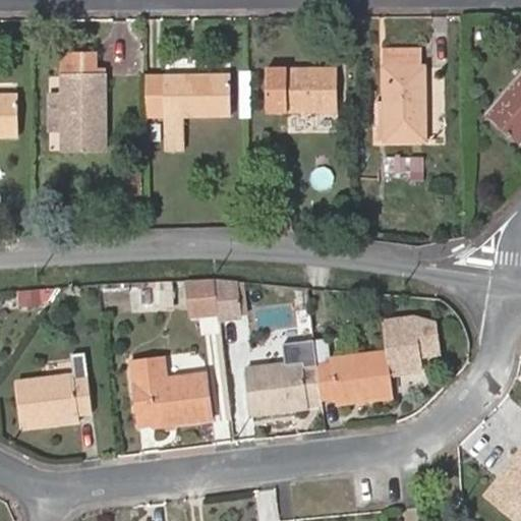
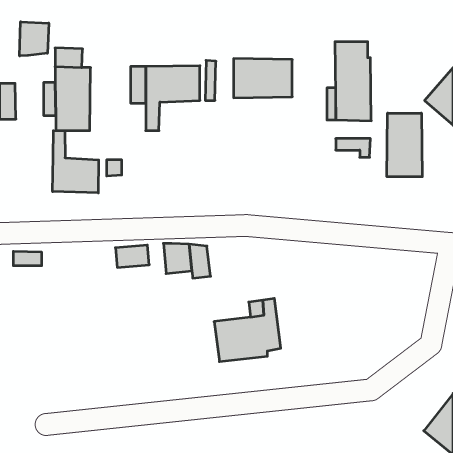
building: none -> [20,22,49,56]
building: none -> [387,113,422,177]
building: none -> [53,131,99,193]
building: [314,316,439,404] -> none
building: [16,354,92,427] -> none
building: [131,360,211,427] -> none

